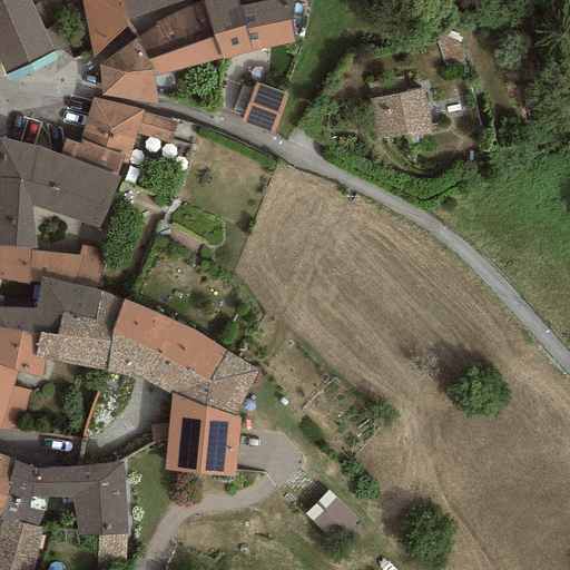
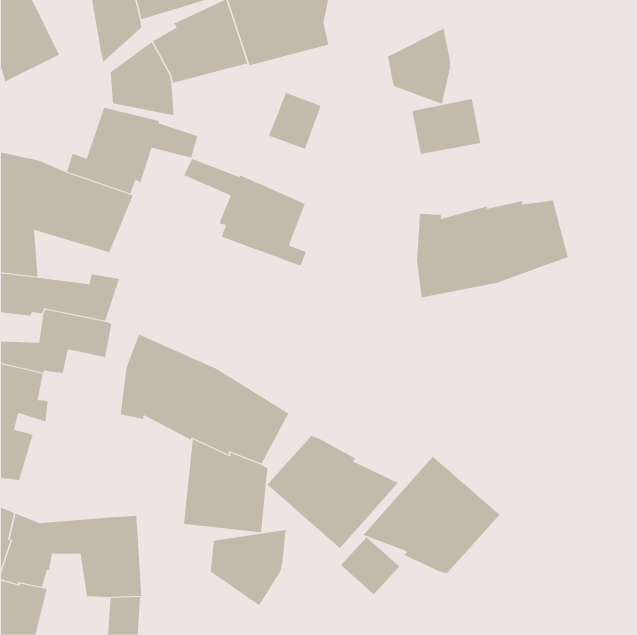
building: none -> [387,28,451,105]
building: none -> [184,158,307,267]
building: none -> [417,200,568,298]
building: [35,289,124,371] -> none
building: none -> [266,435,399,549]
building: none -> [362,456,500,574]
building: none -> [210,529,286,606]

